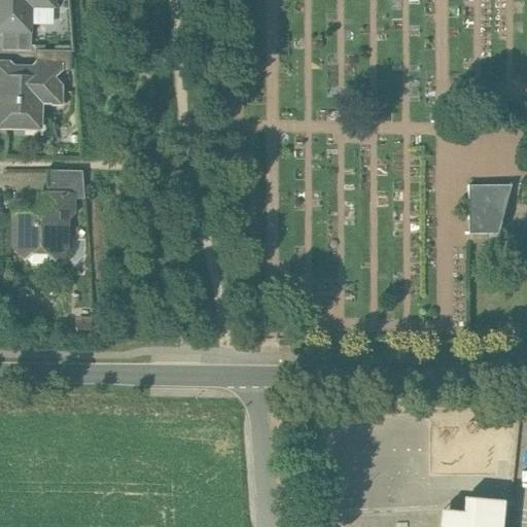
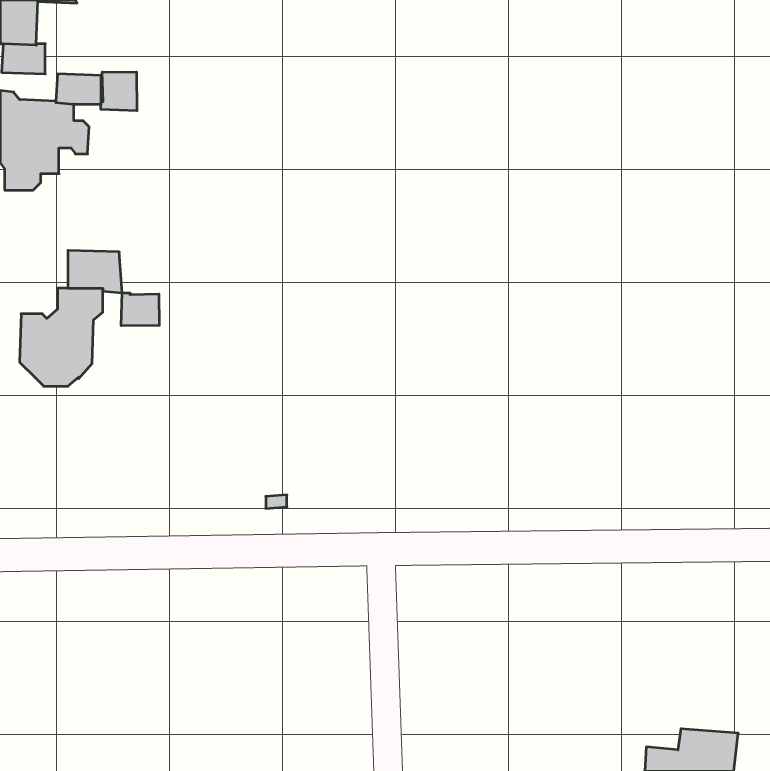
building: none -> [101,72,137,111]
building: [468,186,512,236] -> none
building: none -> [121,293,159,326]

